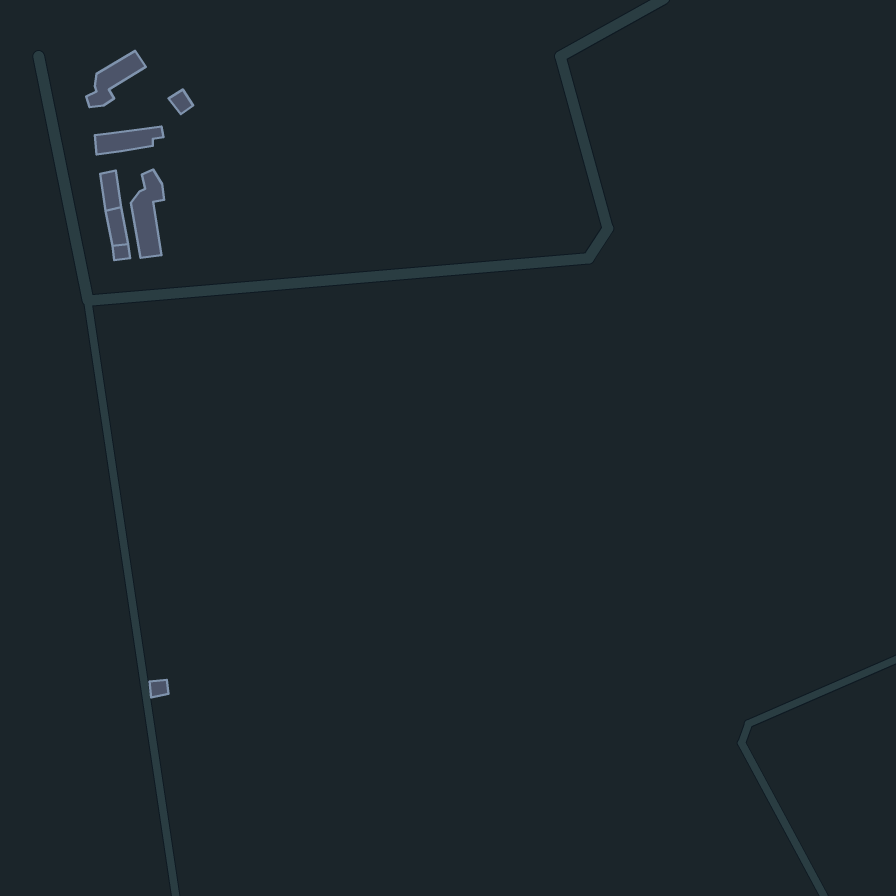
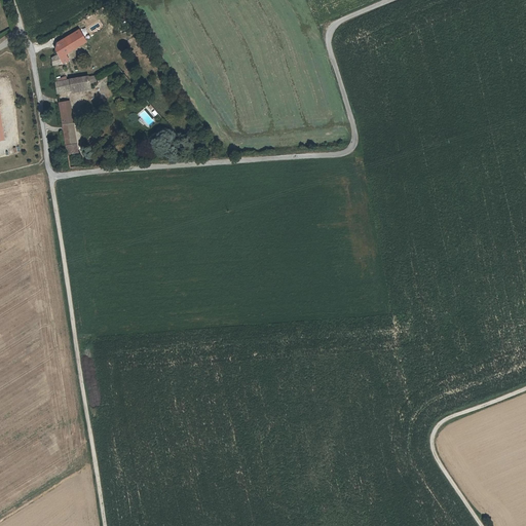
building: [131,169,164,258] -> none

